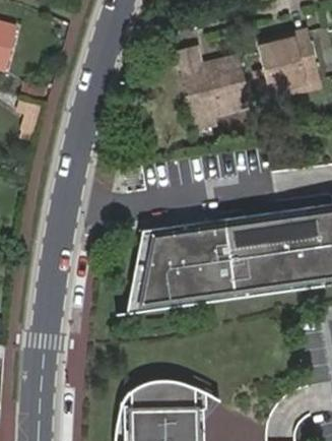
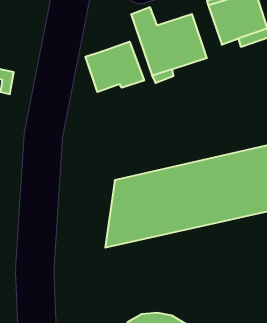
building: none -> [85,42,144,92]

